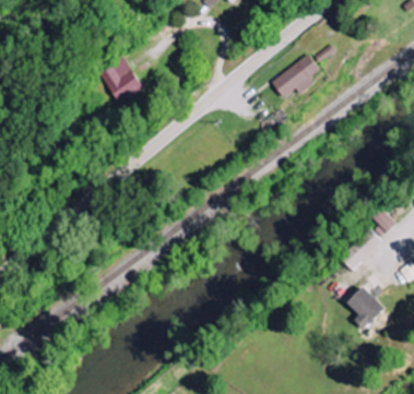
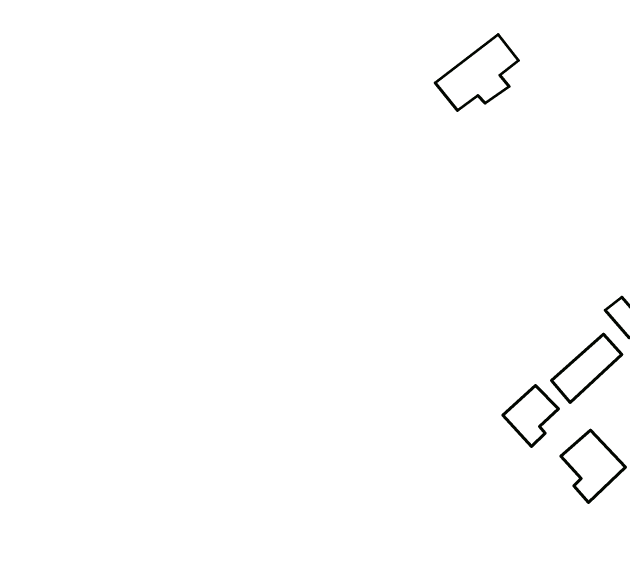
building: [99,57,141,102] -> none
building: none -> [503,385,558,447]

